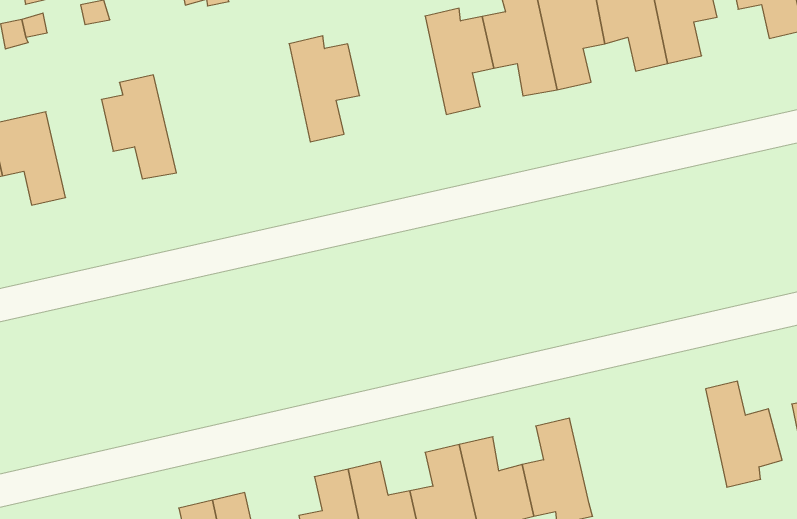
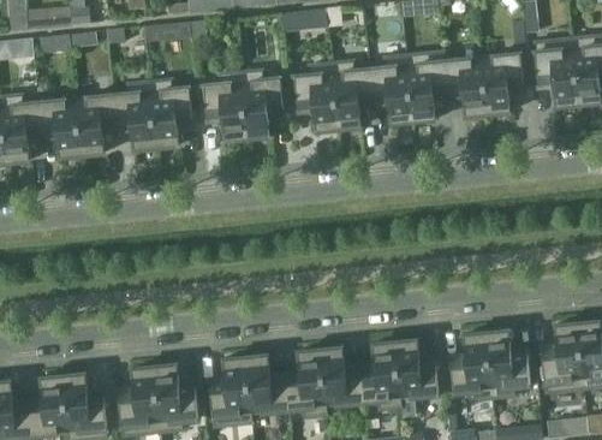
building: none -> [293,65,338,133]
building: none -> [203,72,246,141]
building: none -> [149,79,192,148]
building: none -> [76,94,117,155]
building: none -> [449,332,491,400]
building: none -> [394,338,439,398]

